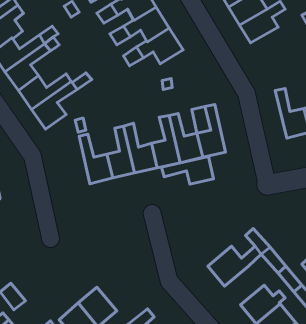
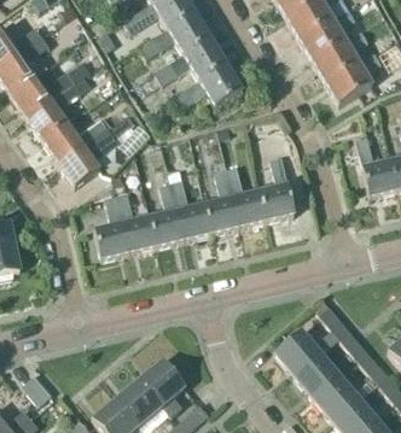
building: none -> [326,52,382,104]
building: none -> [95,194,130,258]
building: [162,156,213,184] -> none
building: none -> [295,352,343,399]
building: none -> [139,358,187,406]

